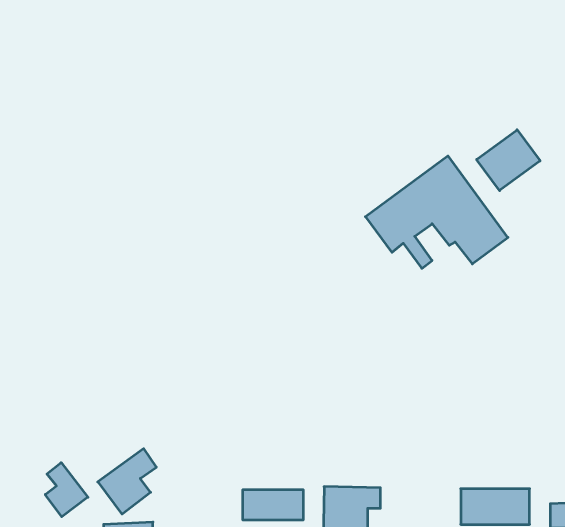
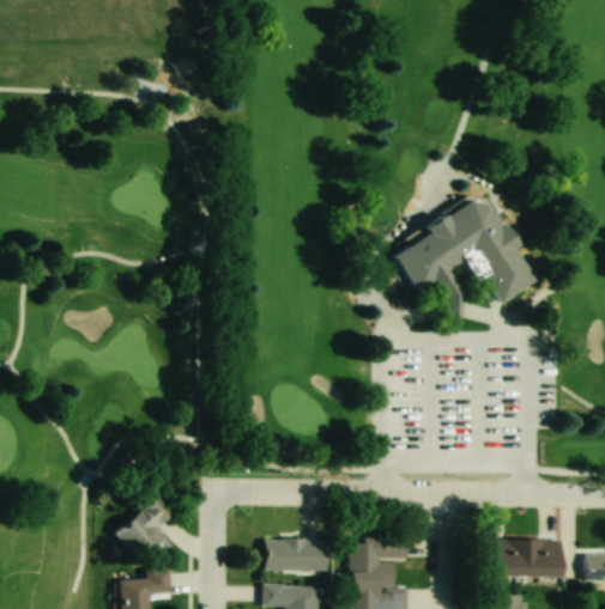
building: [477,130,540,191] -> none
building: [45,463,88,517] -> none

